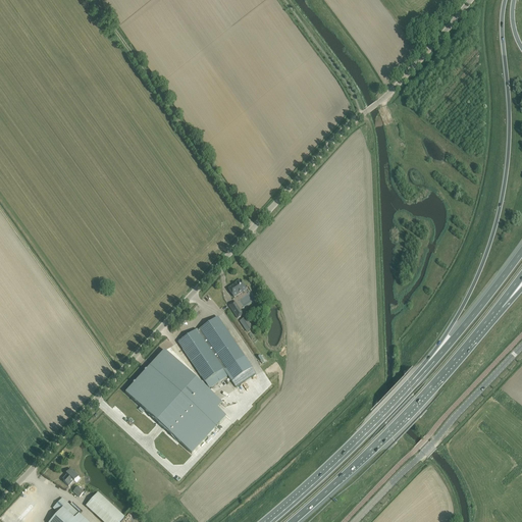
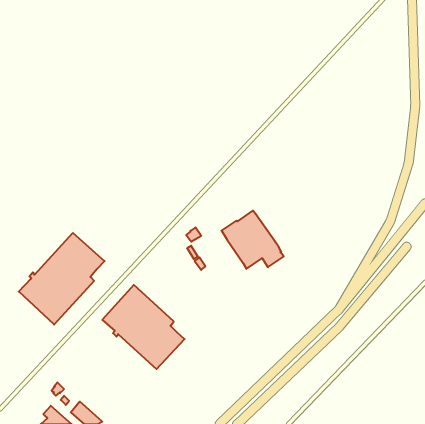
building: none -> [19,233,105,325]
building: [178,316,255,387] -> [221,211,284,269]

